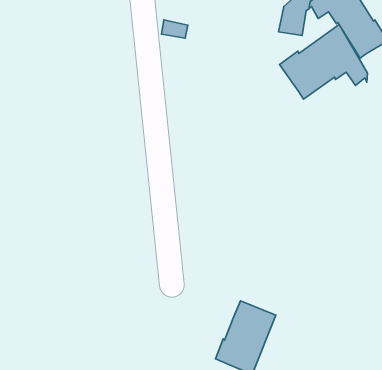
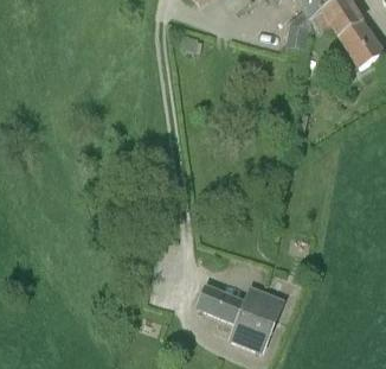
building: [280,25,367,99] -> none
building: none -> [198,285,245,322]

